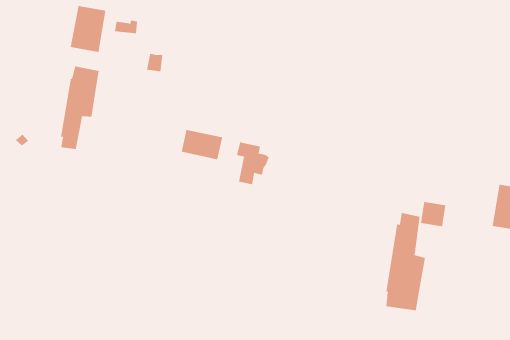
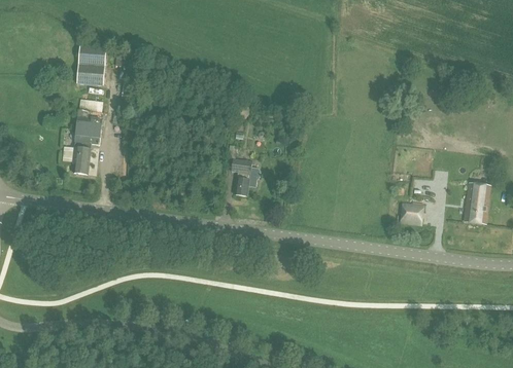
building: [181,129,223,160] -> none
building: [386,212,426,311] -> none

